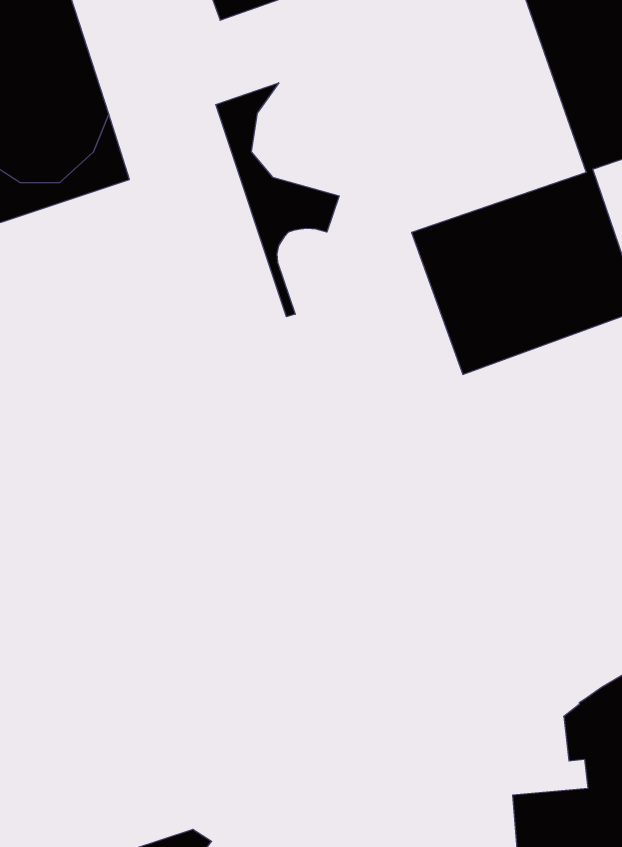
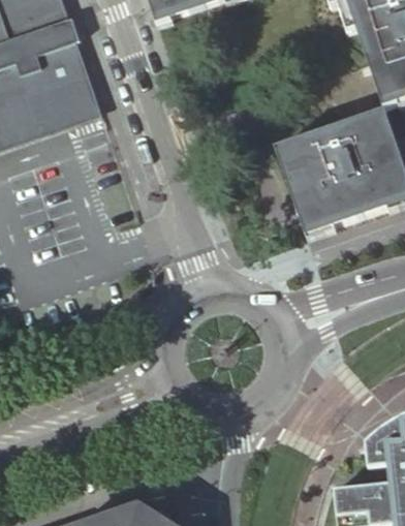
building: [216,83,339,317] -> none

